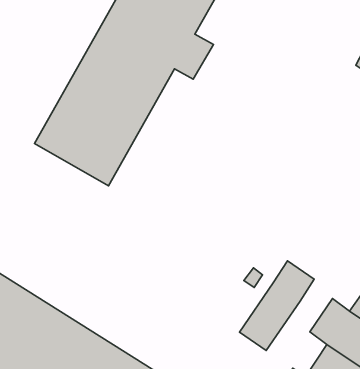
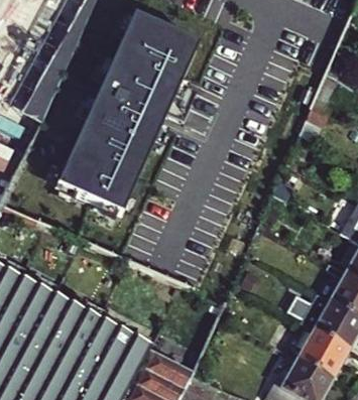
building: [239,261,314,350] -> none

